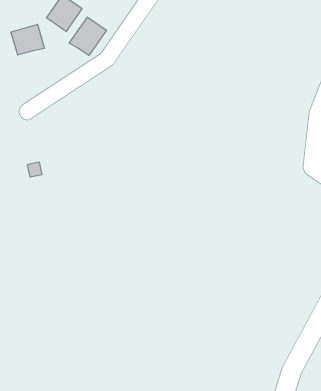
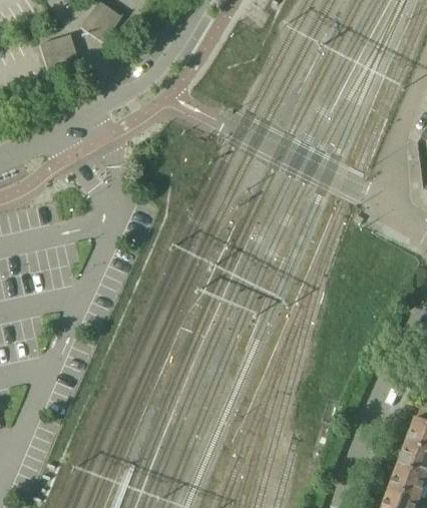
building: [69,17,106,55] -> none

